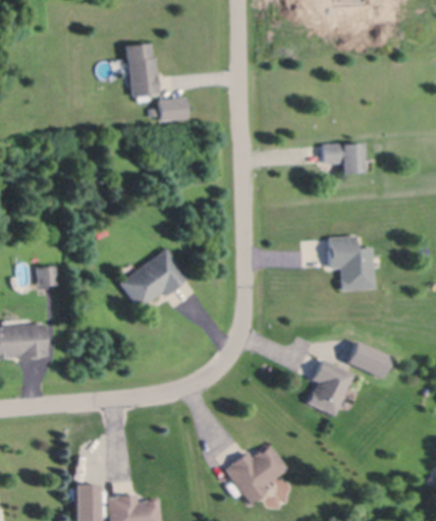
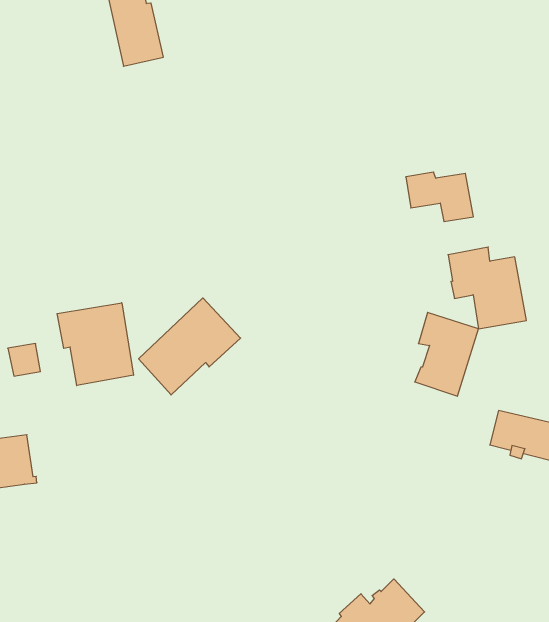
building: [150,101,185,122] -> none
building: [323,141,364,174] -> [406,172,473,222]
building: none -> [57,303,133,386]
building: [307,357,351,413] -> [415,312,478,396]

